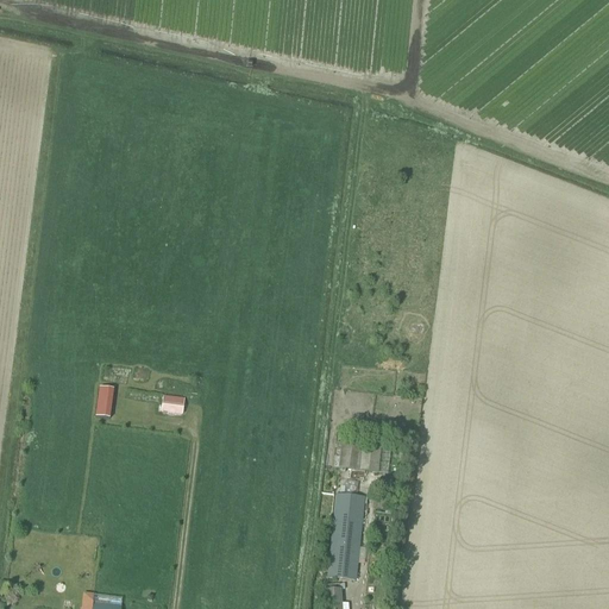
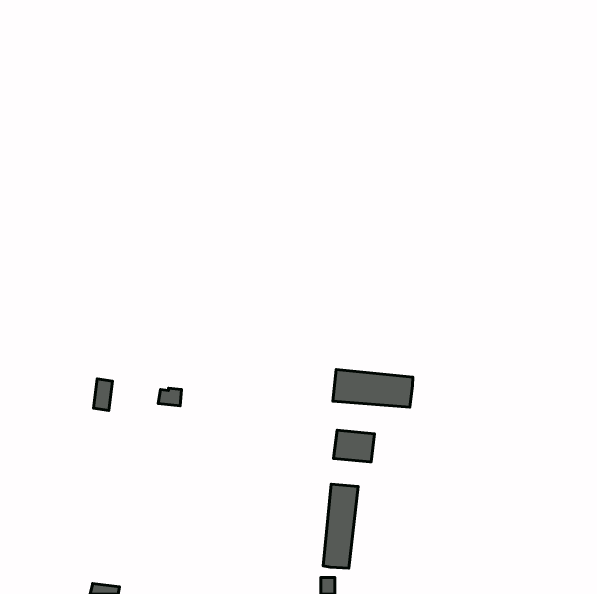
building: none -> [333,370,413,407]

